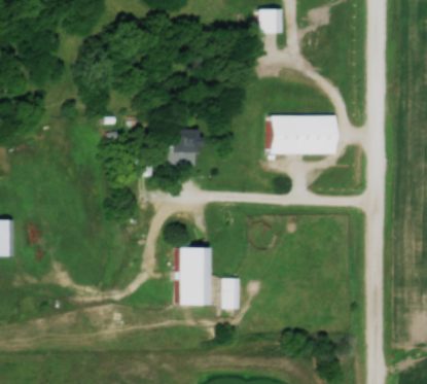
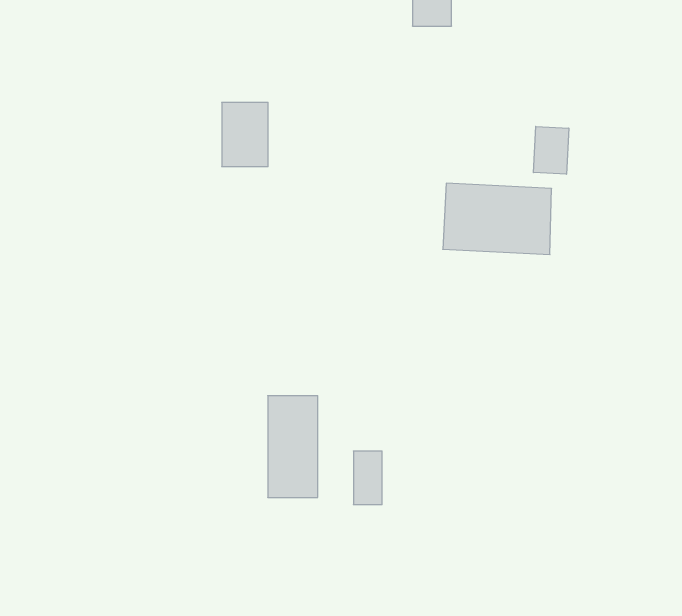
building: none -> [533,126,569,174]
building: [172,123,199,160] -> [222,102,268,167]

